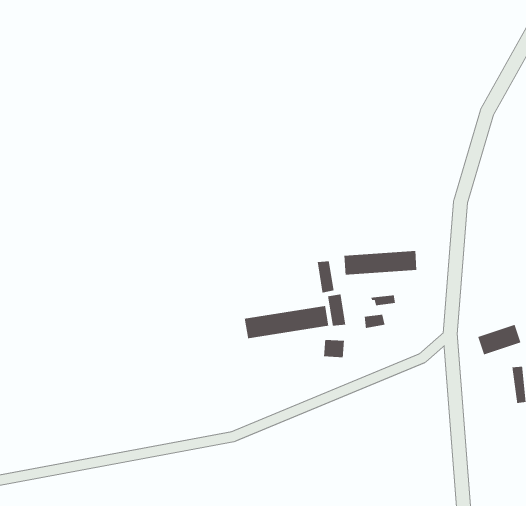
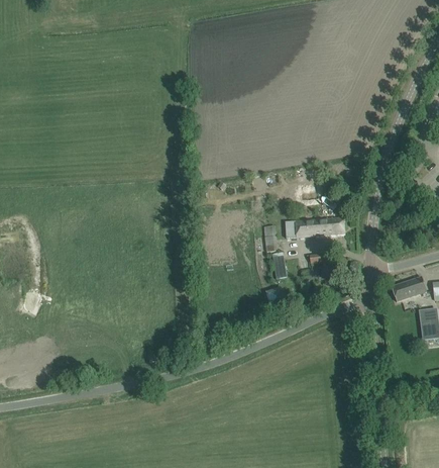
building: [244,305,329,339] -> none

